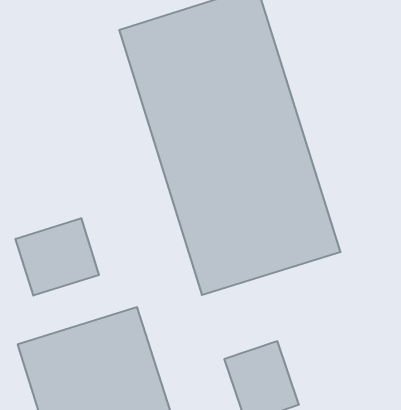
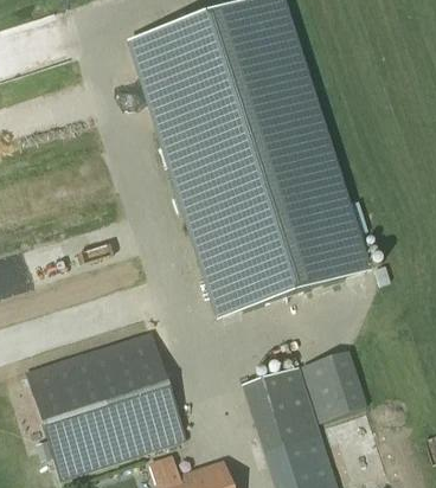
building: [16,218,99,296] -> none
building: none -> [300,348,368,422]

